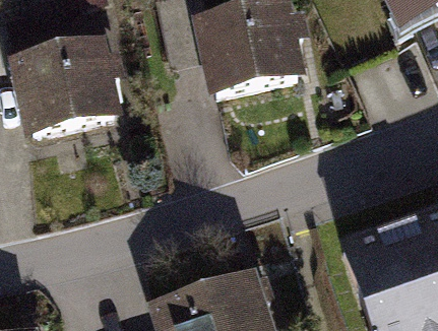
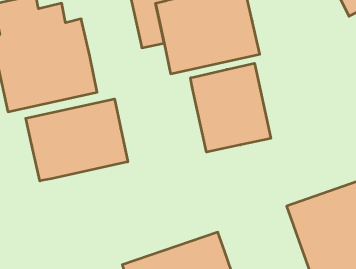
building: none -> [191,63,271,152]
building: none -> [26,99,128,181]

